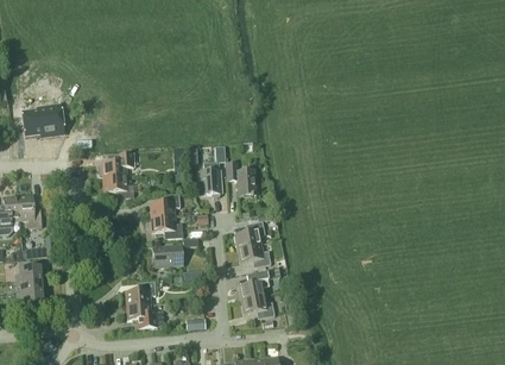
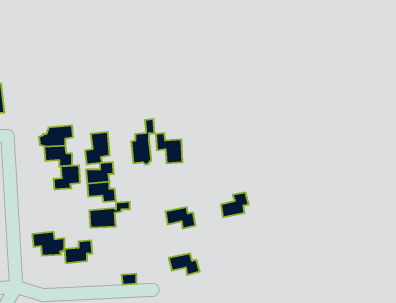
building: none -> [85,132,110,165]
building: none -> [54,165,80,190]
building: [234,220,265,247] -> [221,193,249,217]
building: [238,271,269,298] -> none
building: [126,302,162,328] -> [32,232,64,256]

